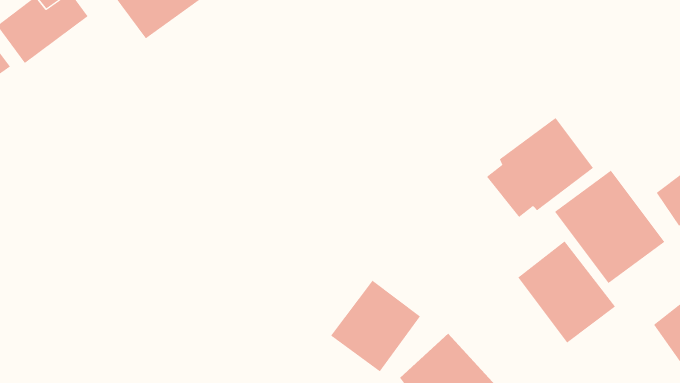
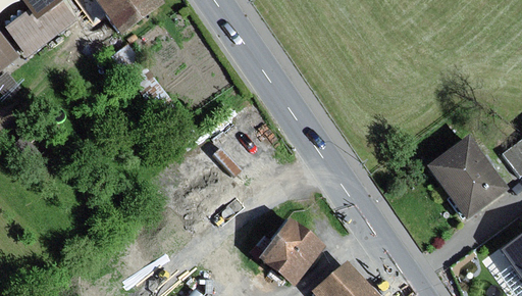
building: [486,117,594,218] -> none
building: [517,241,616,343] -> none

